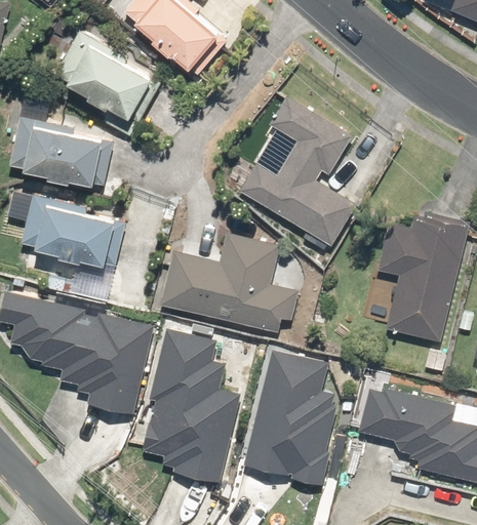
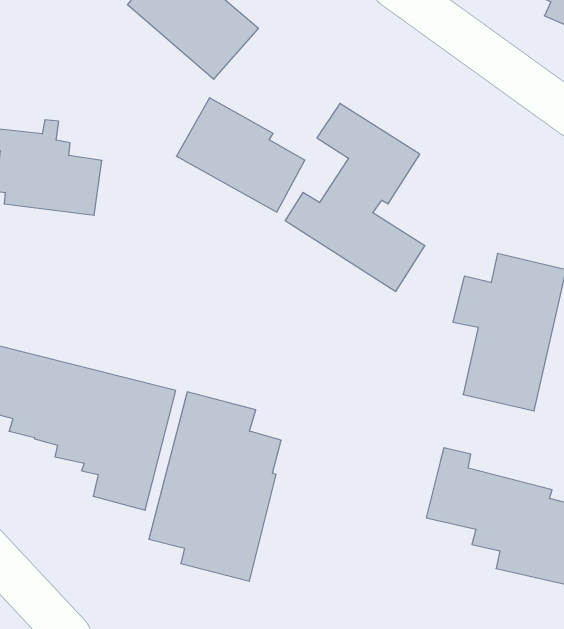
building: [50,31,154,123] -> [176,98,305,212]
building: [22,192,114,266] -> none
building: [158,230,300,335] -> none
building: [239,348,337,490] -> none

